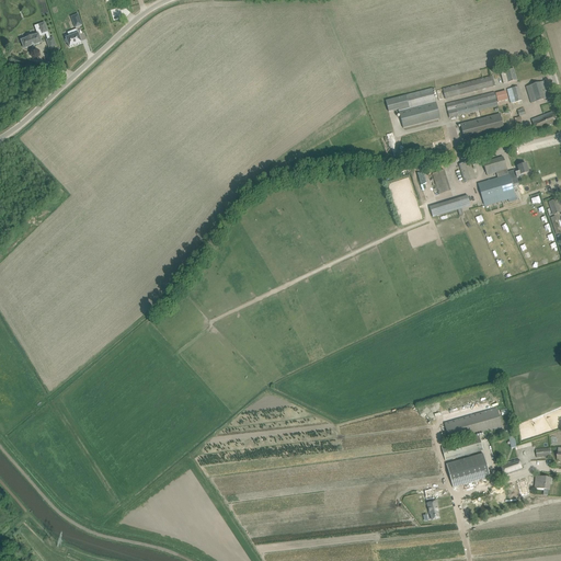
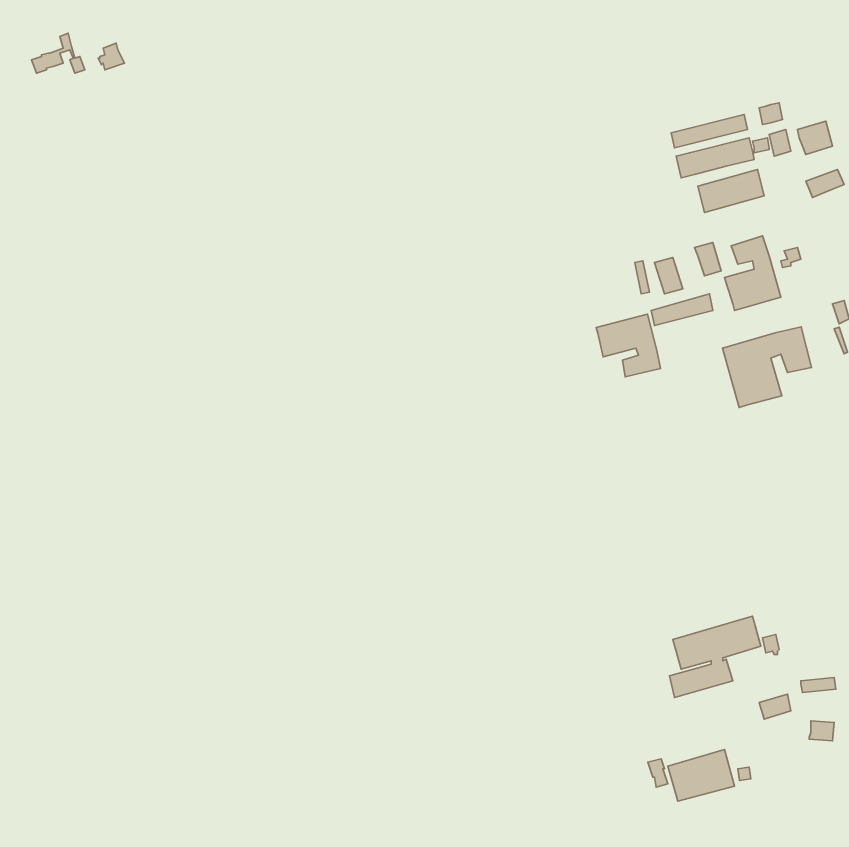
building: [386,87,440,127] -> none
building: none -> [596,314,661,377]
building: none -> [722,327,812,407]
building: [446,453,490,486] -> [668,750,734,801]

